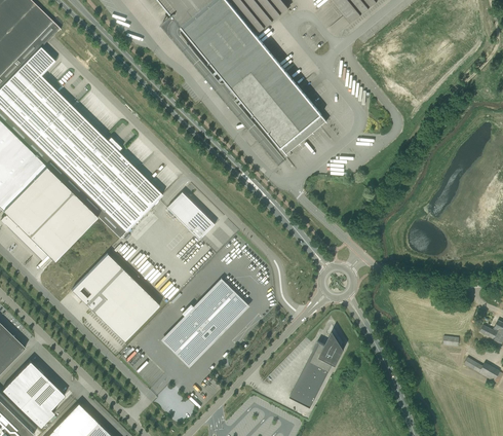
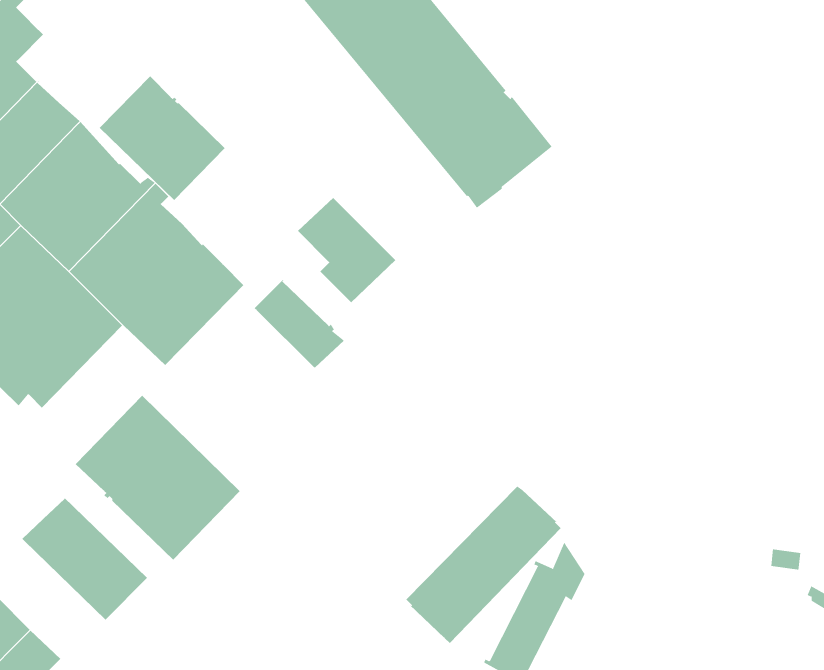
building: none -> [99,75,225,201]
building: none -> [297,197,396,303]
building: [162,280,245,364] -> [405,486,562,644]
building: none -> [22,496,148,621]

